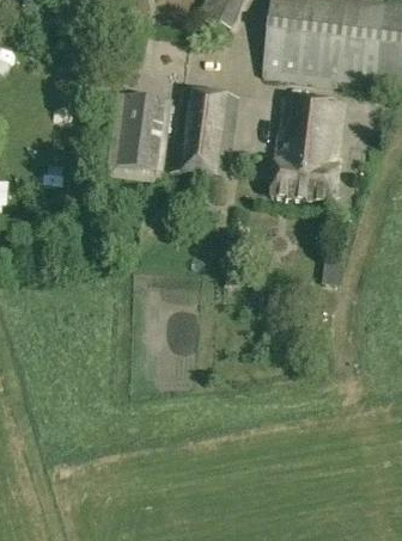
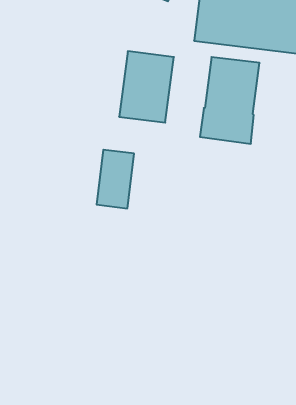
building: [117,94,164,167] -> [97,150,134,208]

